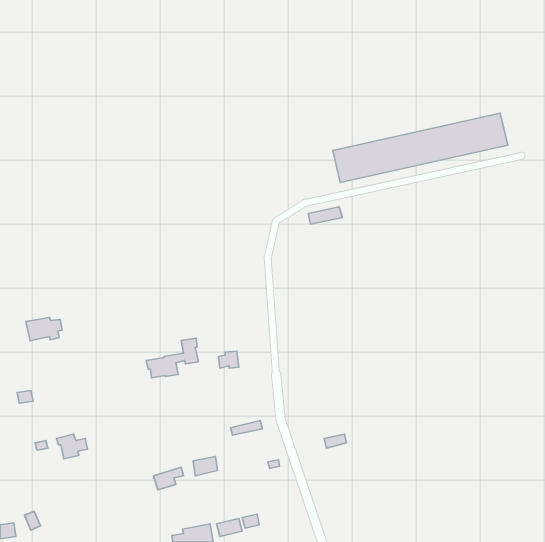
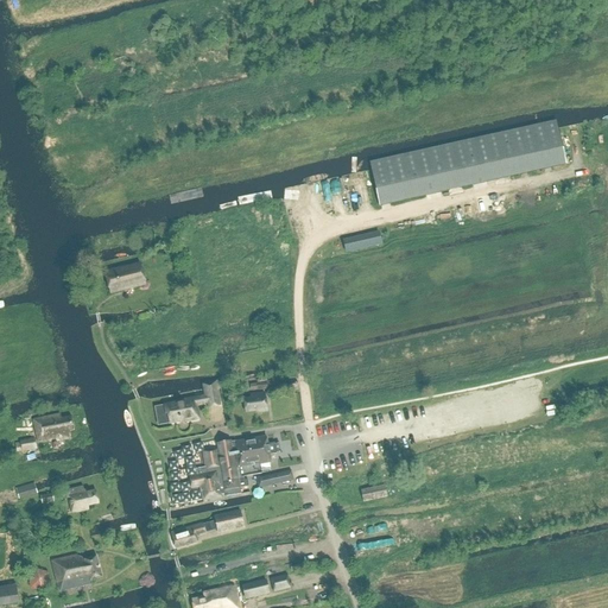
building: none -> [104,260,145,290]
building: [26,317,62,341] -> [33,412,74,438]
building: none -> [190,433,276,496]
building: none -> [51,551,101,589]

